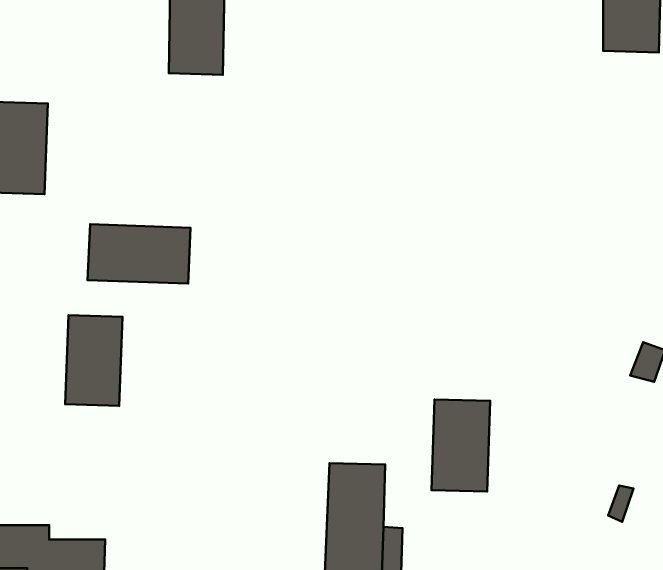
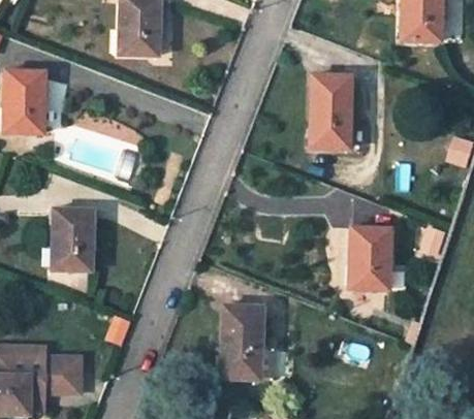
building: none -> [310,78,348,150]
building: [88,224,190,284] -> none
building: [431,399,490,492] -> [350,231,388,291]

